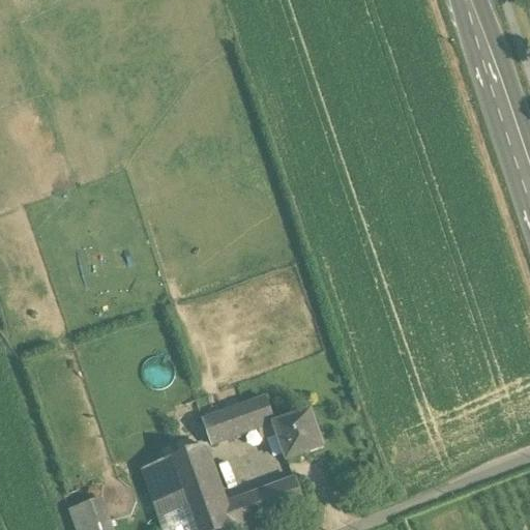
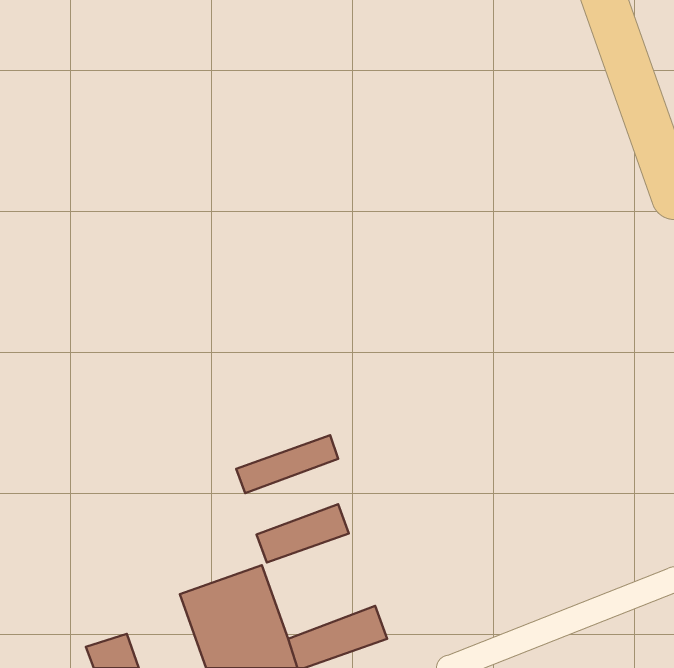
building: none -> [236,435,338,493]
building: [273,410,321,458] -> none

